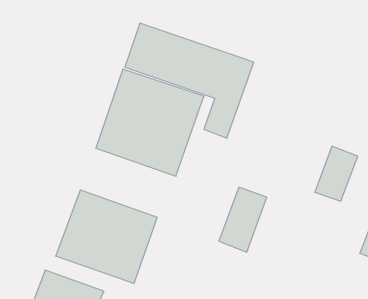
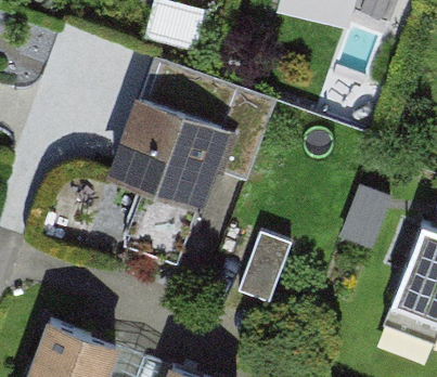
building: [56,190,157,284] -> none

